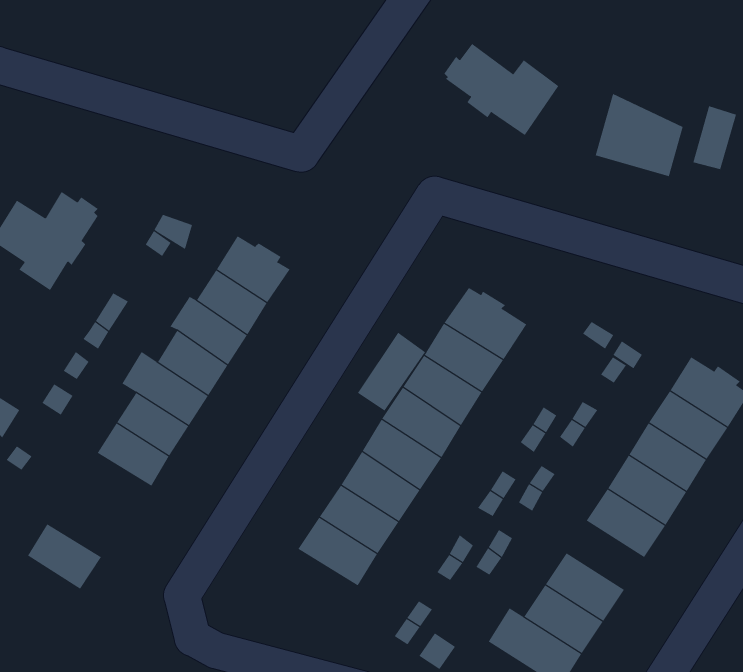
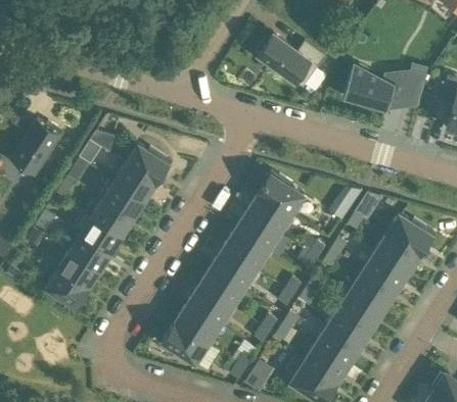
building: [357,332,426,411] -> none
building: none -> [328,307,373,347]
building: [27,523,102,589] -> [47,268,90,306]
building: none -> [163,323,208,363]

